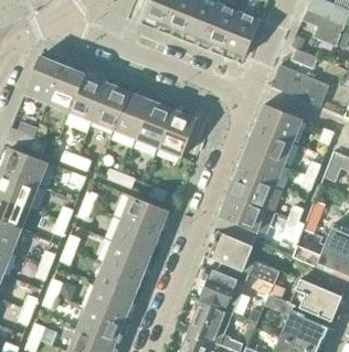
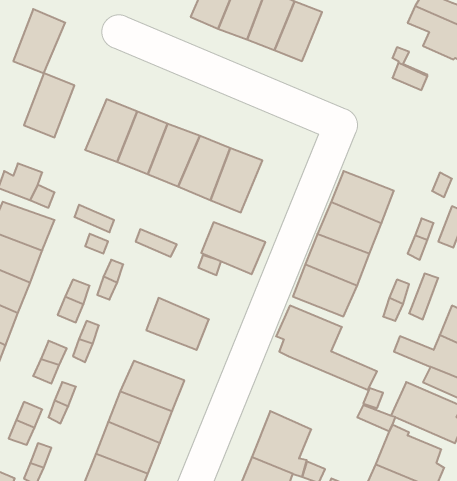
building: [225,11,260,55] -> none
building: [46,64,84,110] -> [13,9,65,73]
building: [271,64,327,106] -> none
building: [255,103,302,140] -> none
building: [121,195,168,233] -> [201,222,265,274]
building: [104,241,149,277] -> none
building: [199,259,251,312] -> none

